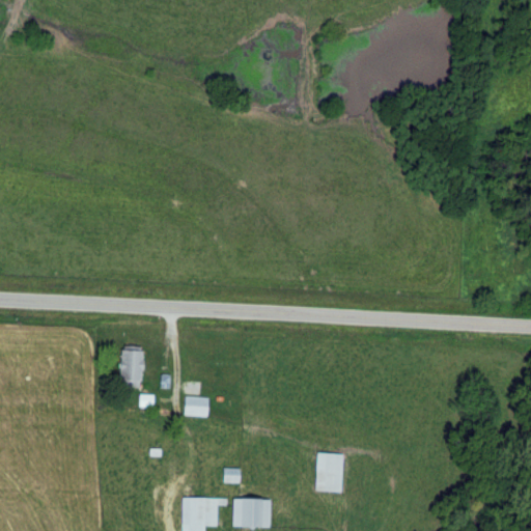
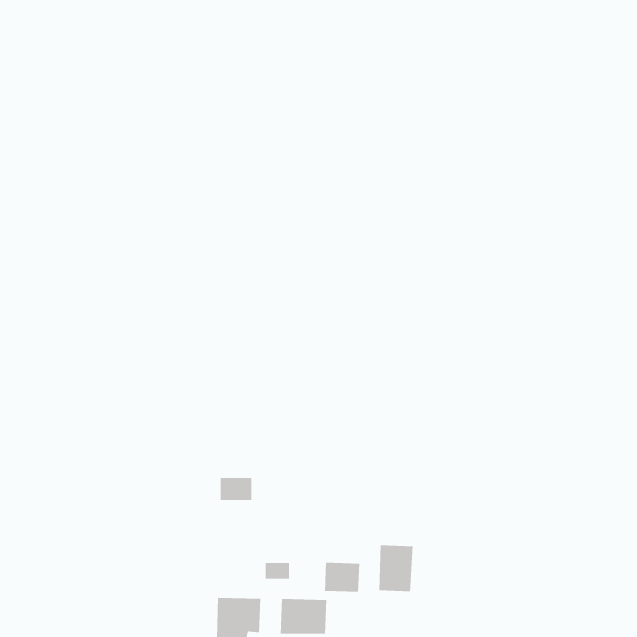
building: [120,346,146,385] -> none
building: none -> [324,562,360,593]

